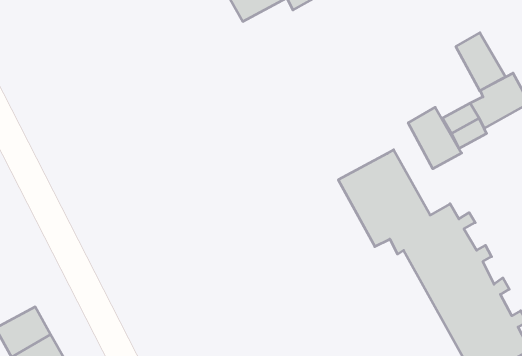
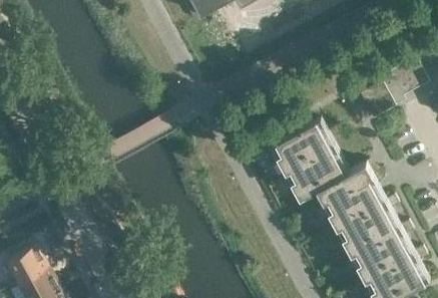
building: [456,33,505,91] -> none
building: [408,107,462,169] -> none

